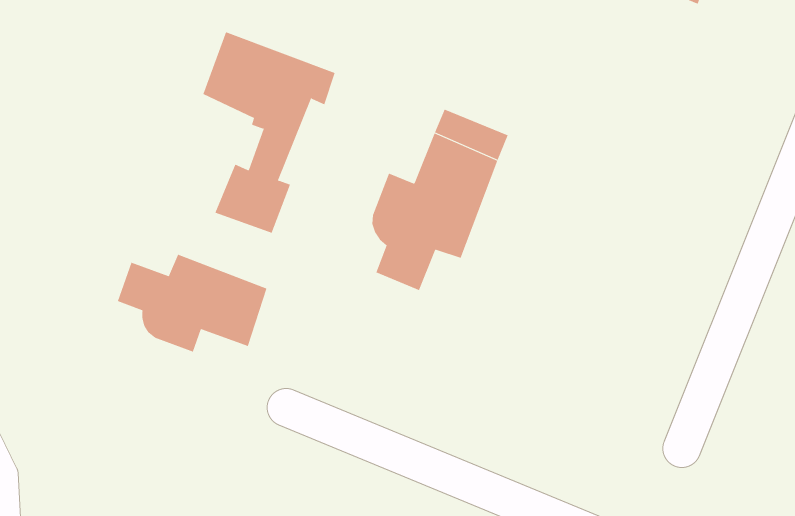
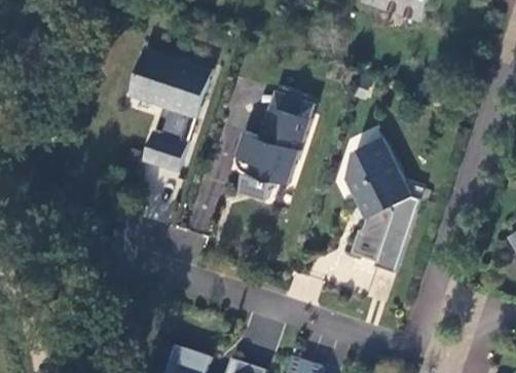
building: none -> [346,138,420,272]
building: [117,254,267,353] -> none

